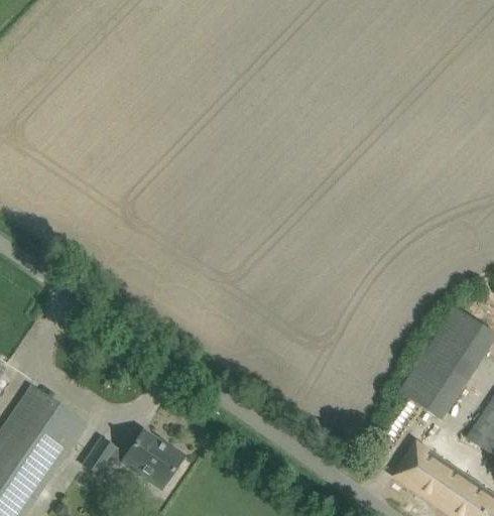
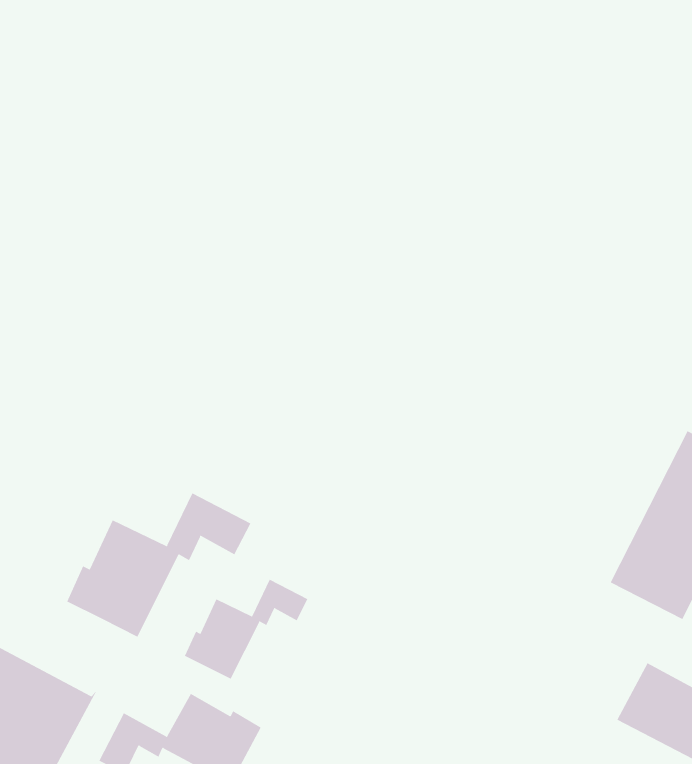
building: none -> [67,493,251,637]
building: none -> [184,579,308,679]

